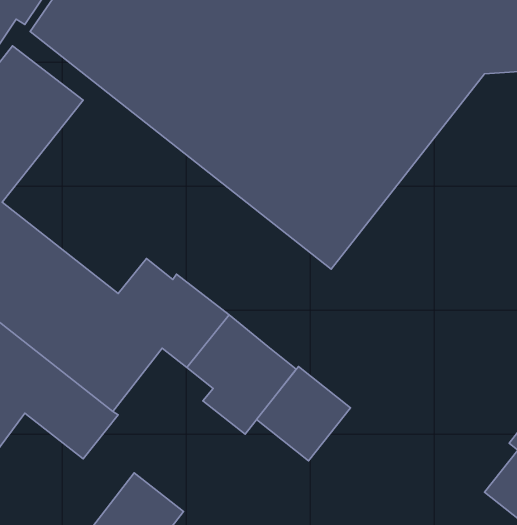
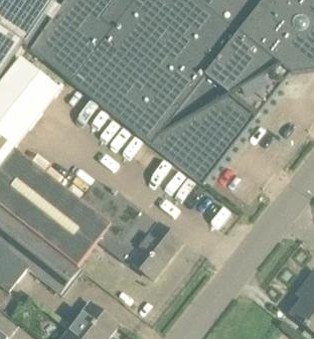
building: [257,366,350,461] -> none

